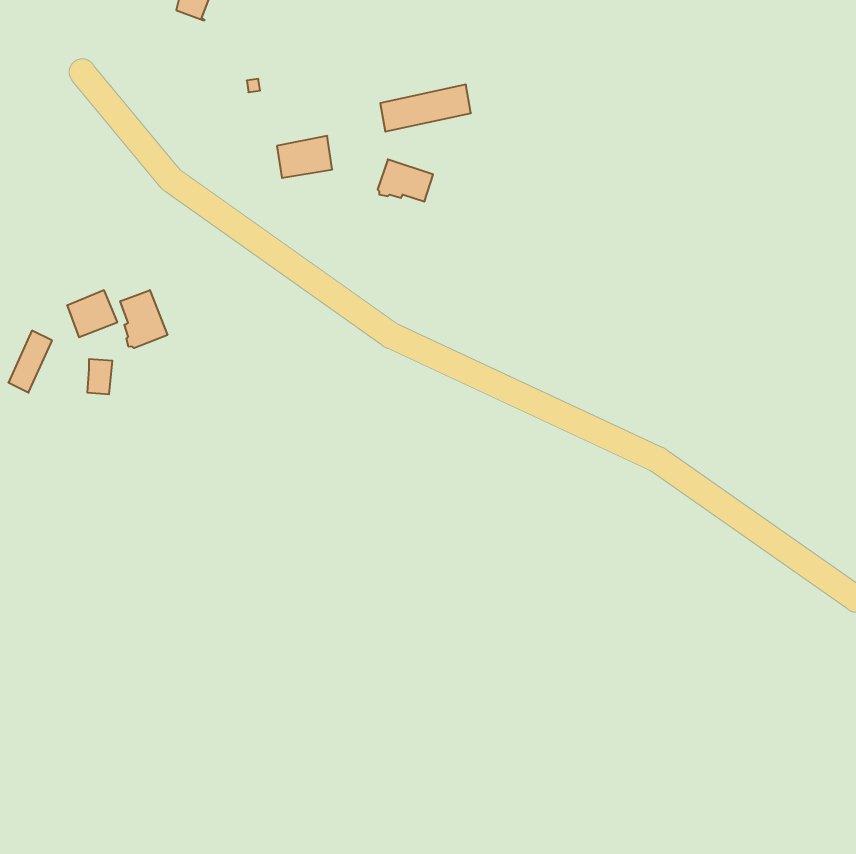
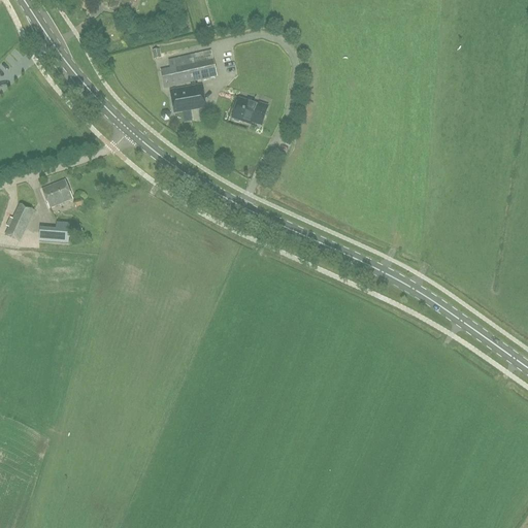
building: [380,85,471,132] -> [160,58,216,87]
building: [120,290,167,348] -> none

